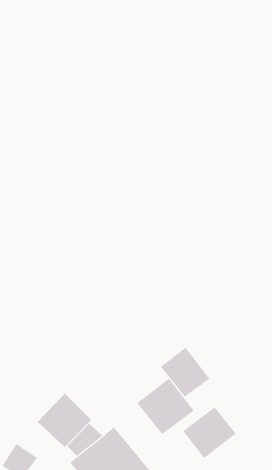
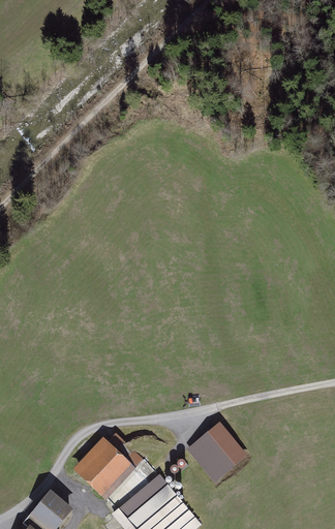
building: [160,347,210,398] -> none
building: [182,407,237,459] -> none

